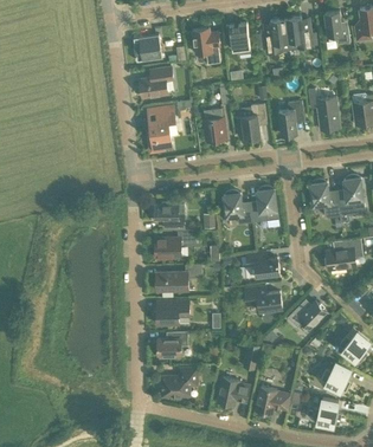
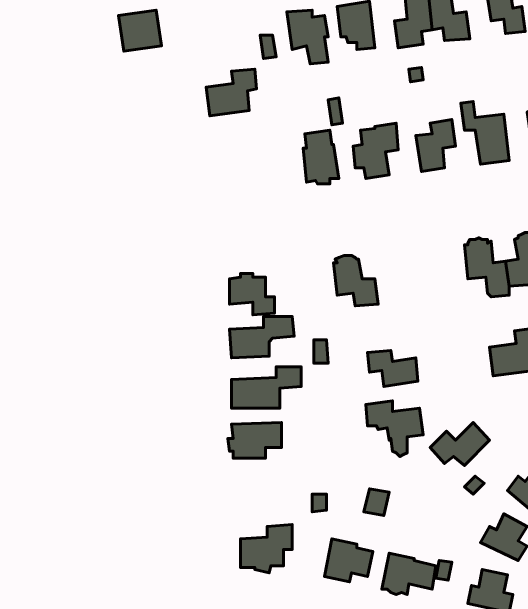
building: [133,34,161,61] -> [119,10,162,51]
building: [147,105,174,153] -> none
building: [250,186,277,222] -> none
building: [156,331,187,357] -> none

